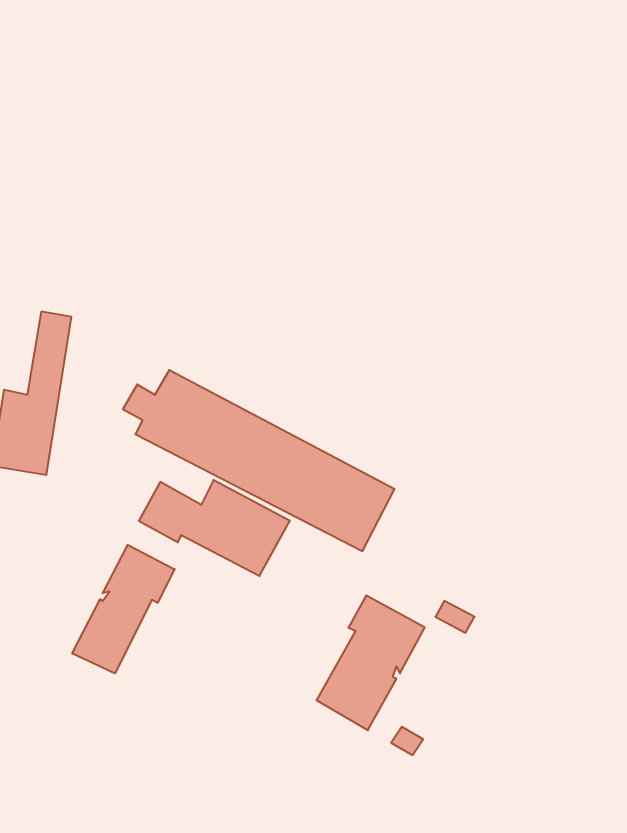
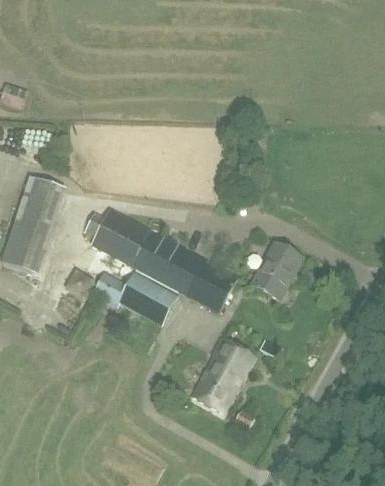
building: none -> [252,242,303,300]
building: [72,545,175,673] -> none

